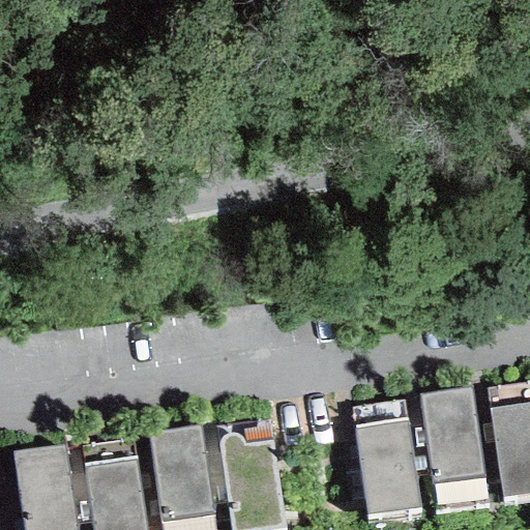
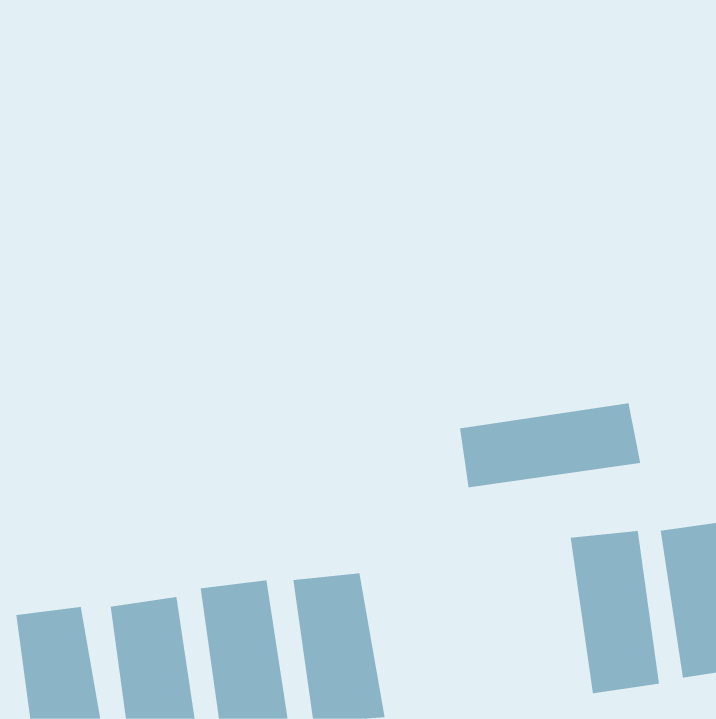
building: none -> [459,403,641,488]
building: [353,401,422,514] -> none

